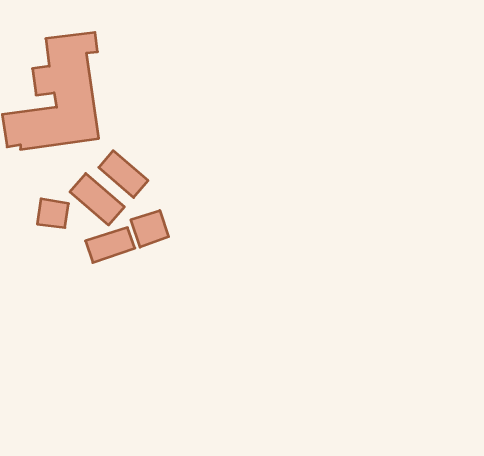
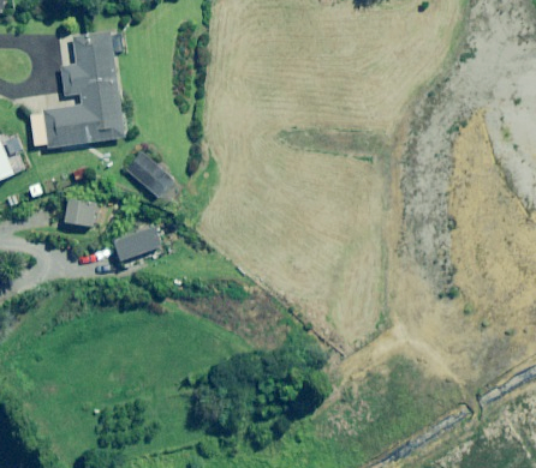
building: [70,173,124,225] -> none
building: [131,210,169,247] -> none

